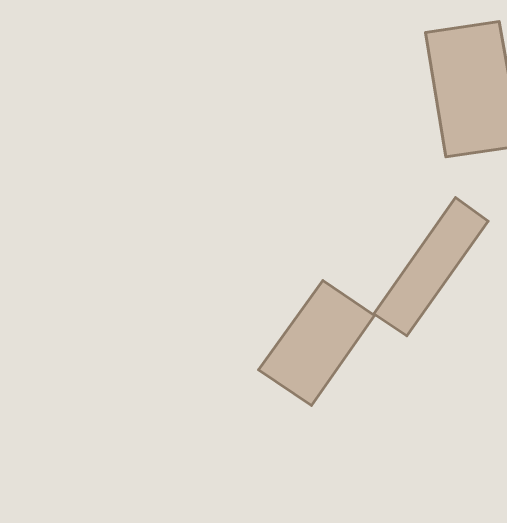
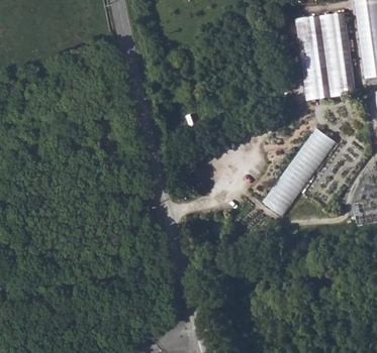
building: [259,281,375,406] -> none

